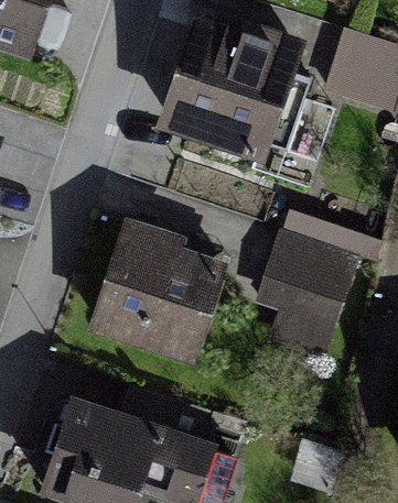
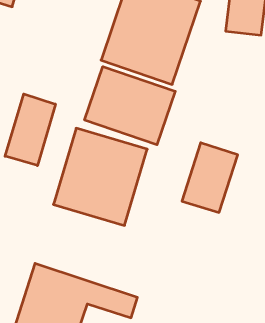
building: none -> [85,67,175,145]
building: none -> [5,94,55,166]

